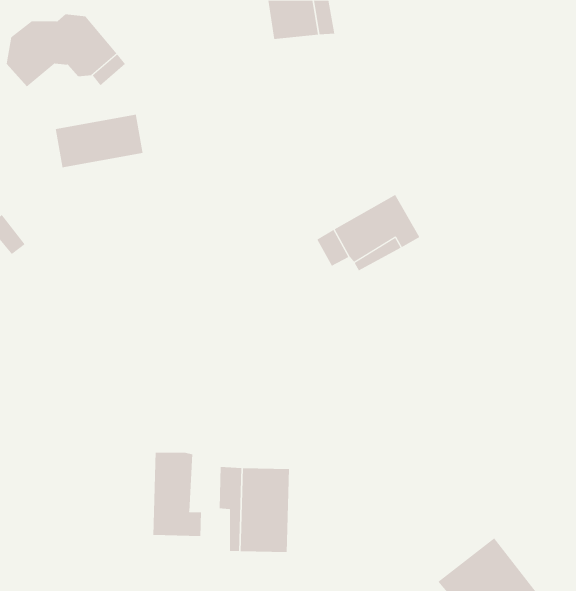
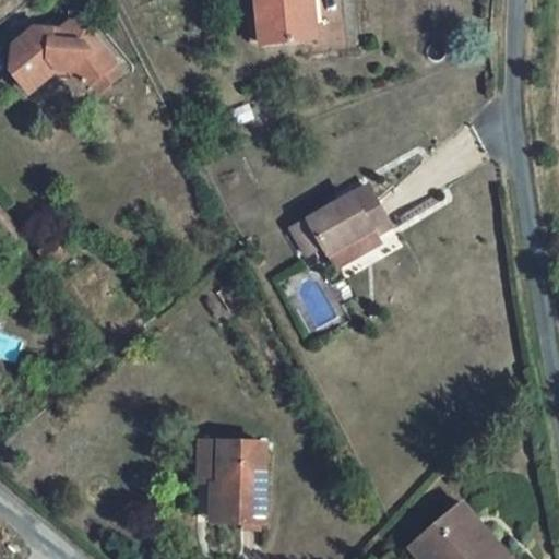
building: [55,114,143,168] -> none
building: [153,452,201,537] -> none

